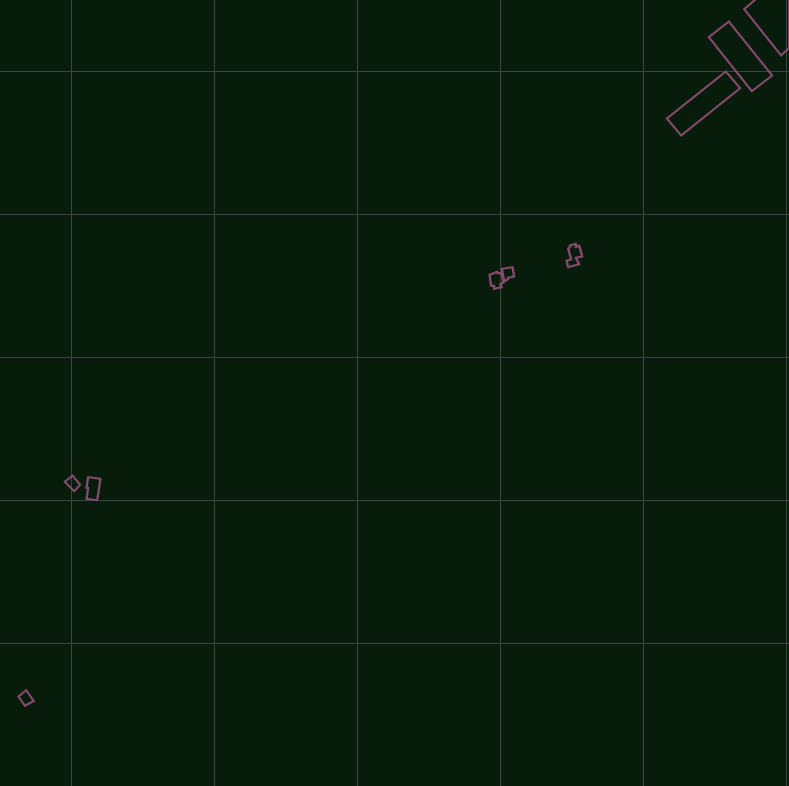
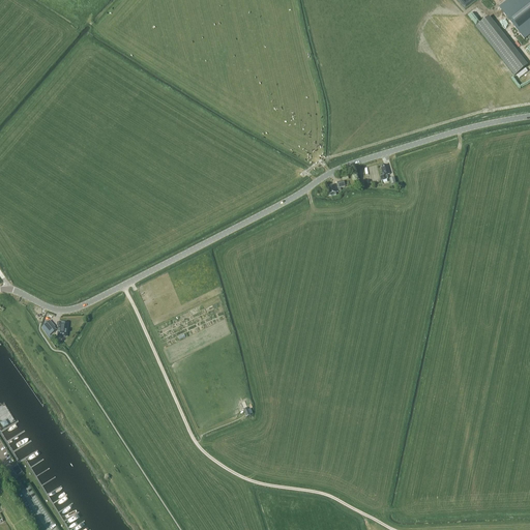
building: [667,71,740,135] -> none

